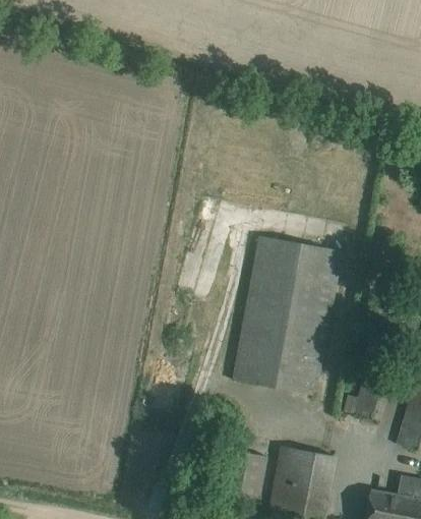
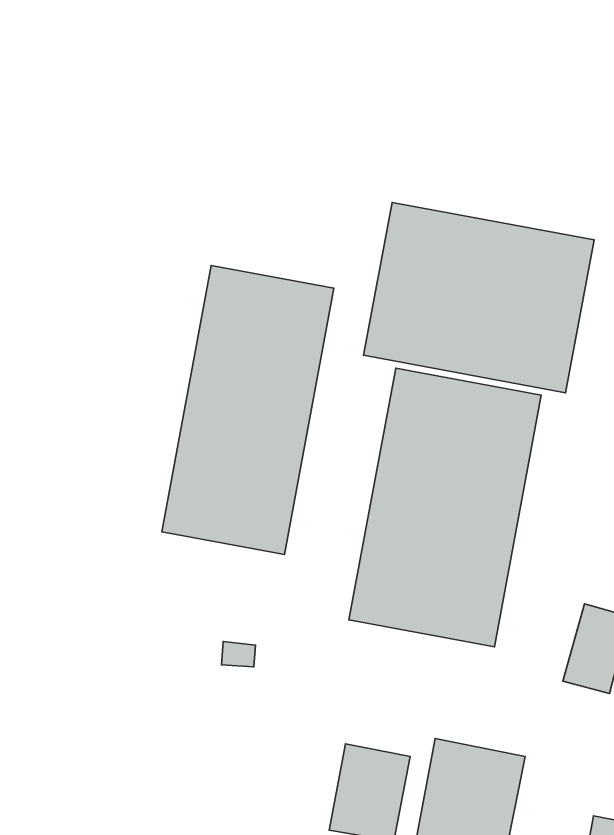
building: none -> [364,202,594,393]
building: none -> [162,265,334,555]

